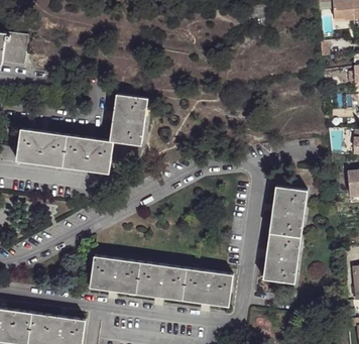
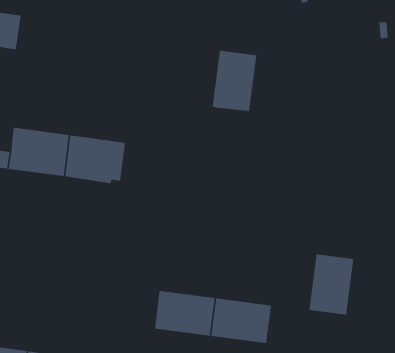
building: [110,94,147,144] -> [212,50,257,112]
building: [269,186,307,236] -> none
building: [90,255,140,294] -> none

